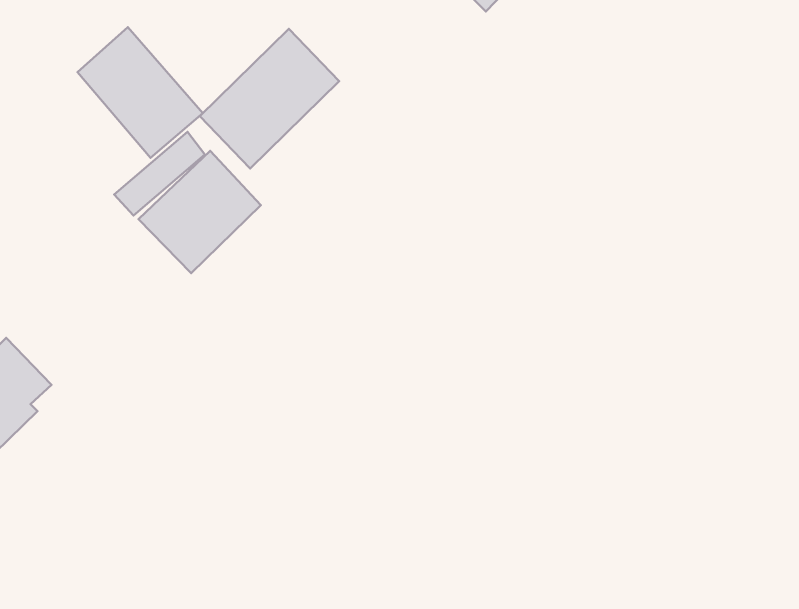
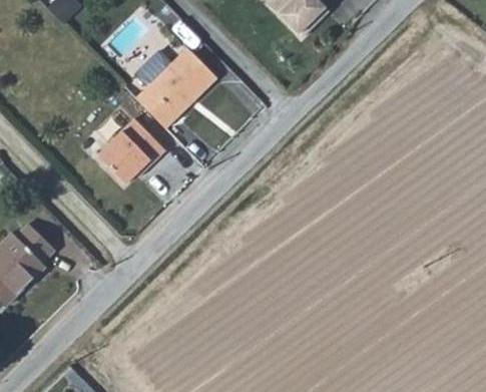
building: [78,27,203,158] -> none

